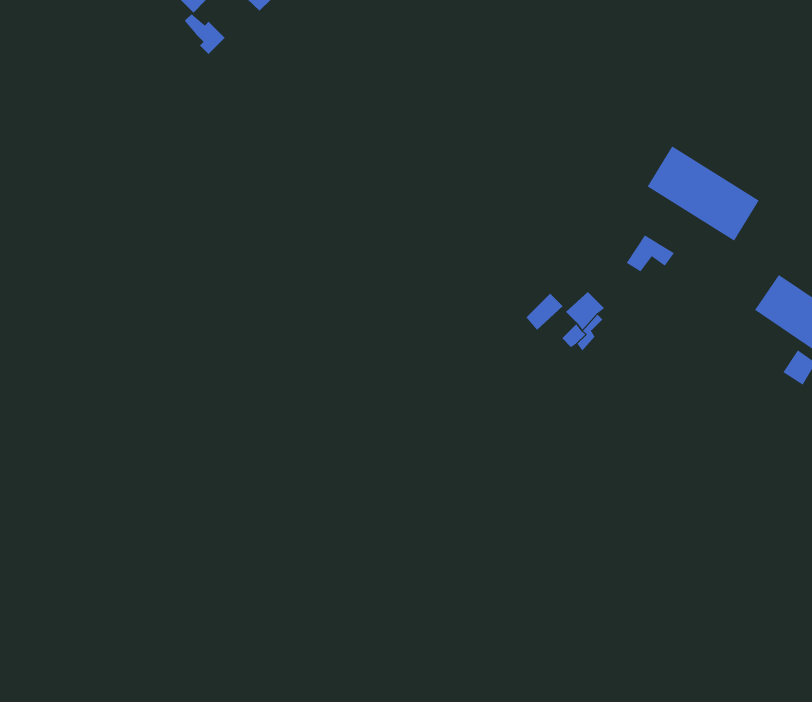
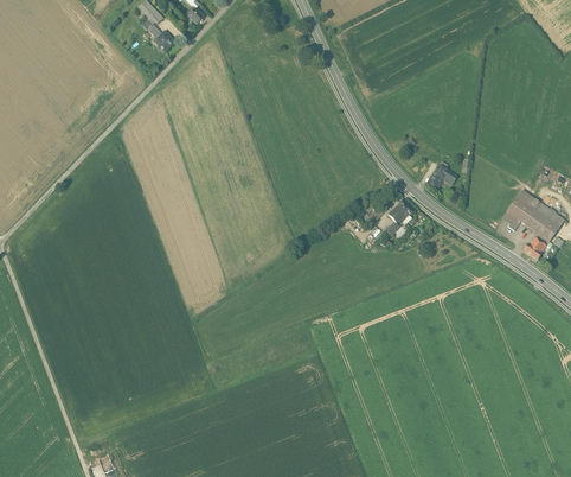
building: [647,146,760,241] -> none

